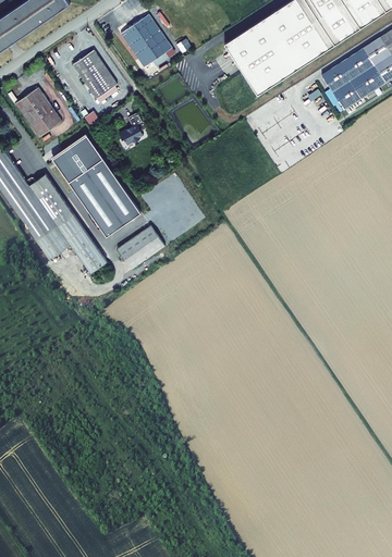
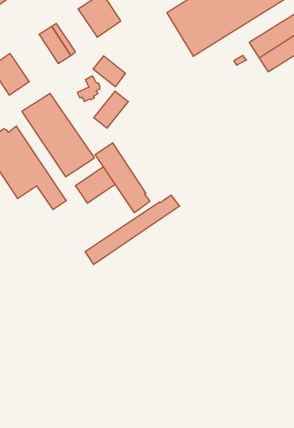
building: none -> [93,56,126,87]
building: none -> [94,91,128,128]
building: none -> [95,143,150,213]
building: none -> [85,195,180,265]

